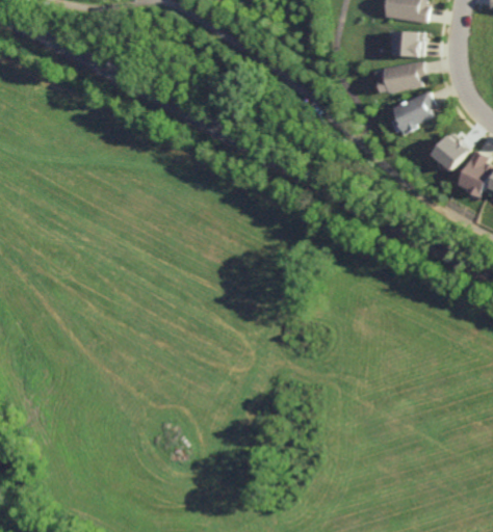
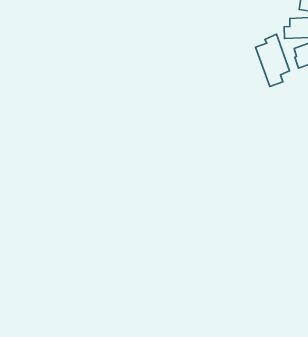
building: none -> [255,34,289,87]

